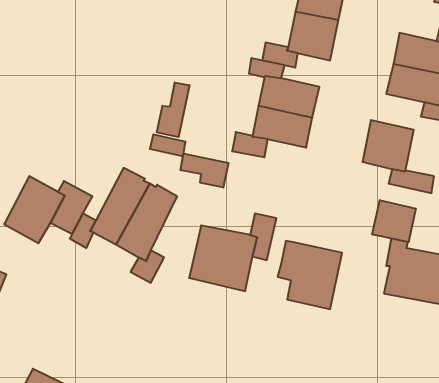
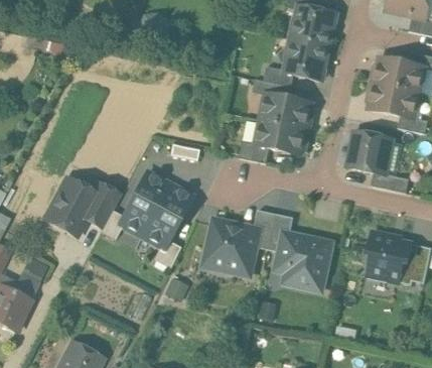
building: [157,82,189,137] -> none
building: [181,154,229,188] -> none
building: [372,200,416,242] -> none
building: none -> [268,214,293,252]

